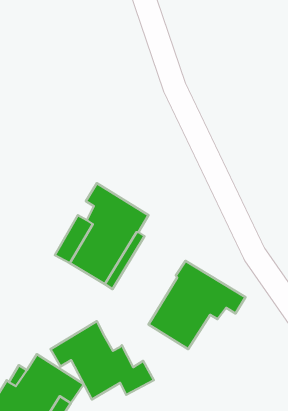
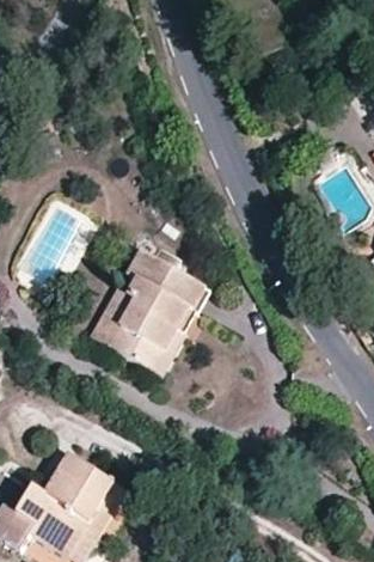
building: [148,261,245,349] -> none
building: [50,321,154,400] -> none

